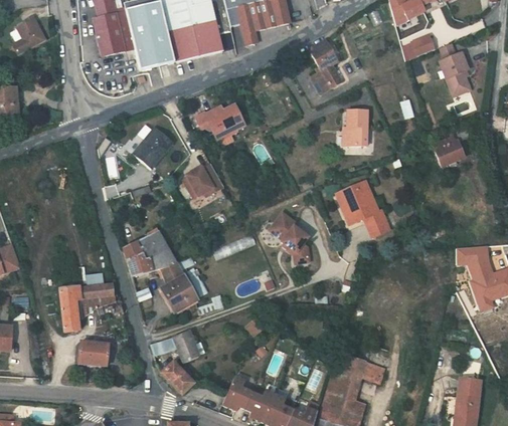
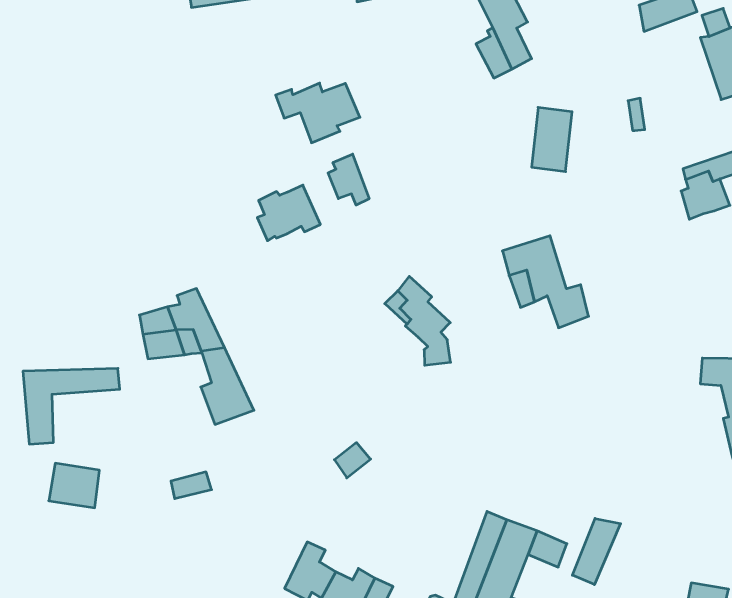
building: [134,127,172,166] -> none
building: none -> [328,154,369,205]
building: [174,331,206,362] -> none
building: none -> [572,518,621,585]
building: [162,361,193,393] -> none

